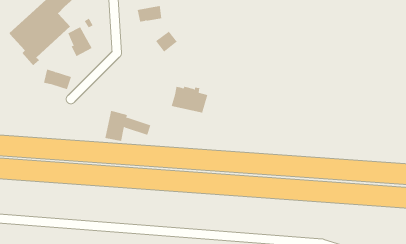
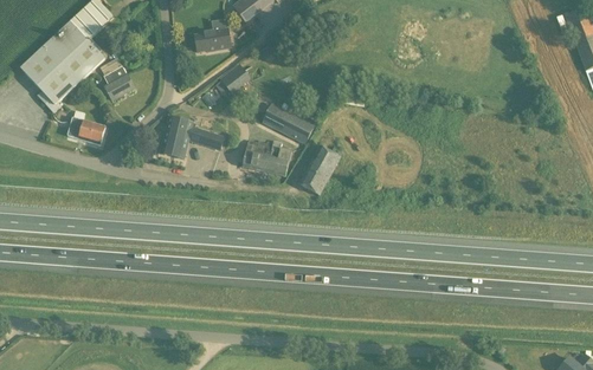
building: none -> [260,102,314,142]
building: none -> [298,144,341,194]
building: [104,110,151,142] -> [161,115,225,157]

